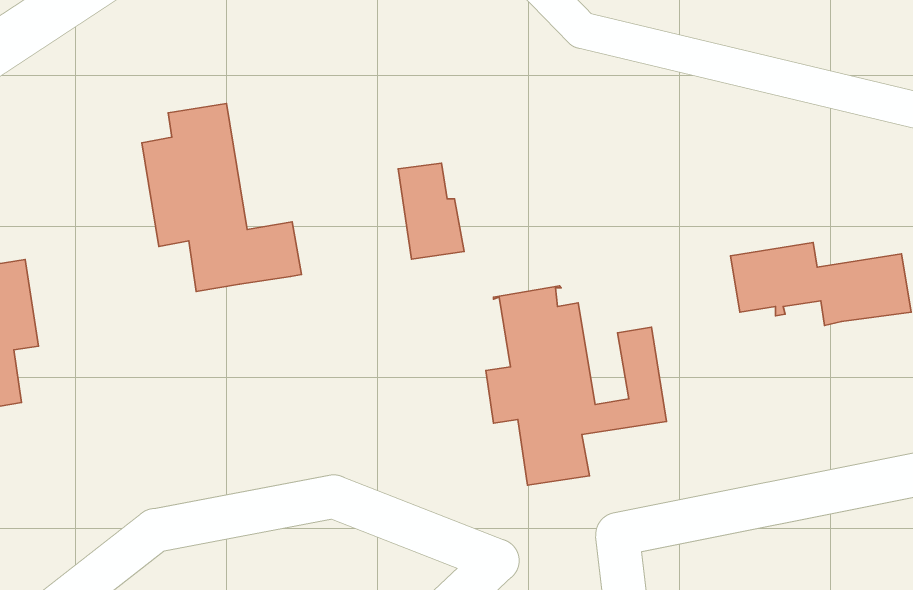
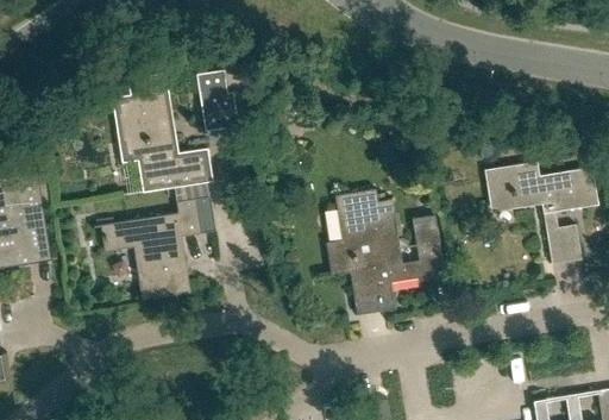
building: [398,163,464,259] -> [196,71,238,132]
building: none -> [101,183,215,301]
building: none -> [544,212,582,265]

